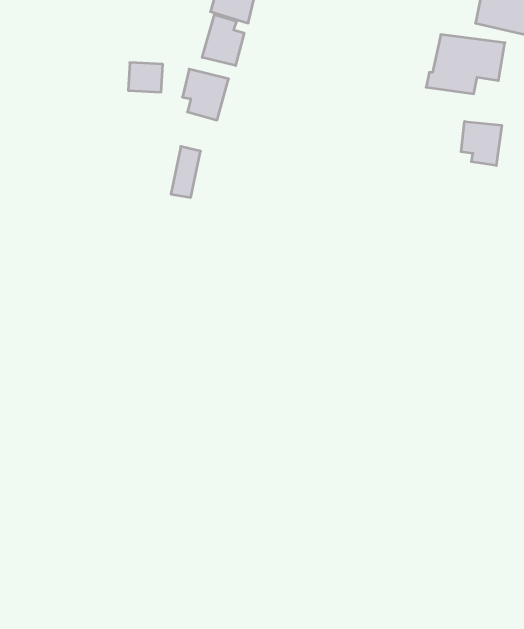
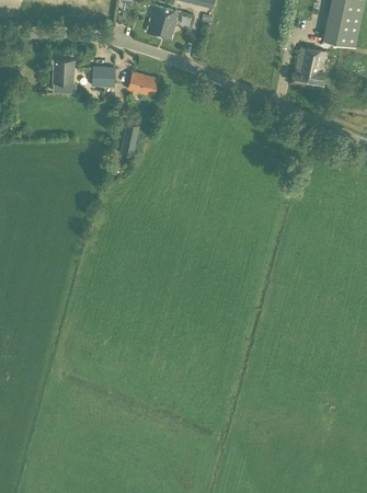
building: [202,14,244,66] -> none
building: none -> [51,59,73,83]
building: [461,121,502,166] -> none

